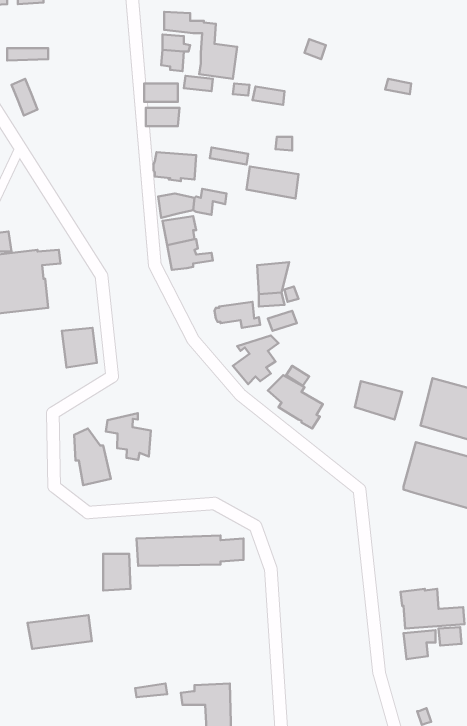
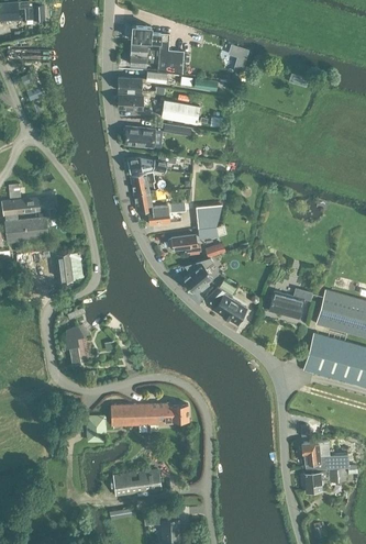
building: [247,166,298,198] -> [160,100,198,123]
building: none -> [146,202,185,224]
building: [106,413,151,460] -> none
building: [28,615,92,649] -> [113,470,159,495]

